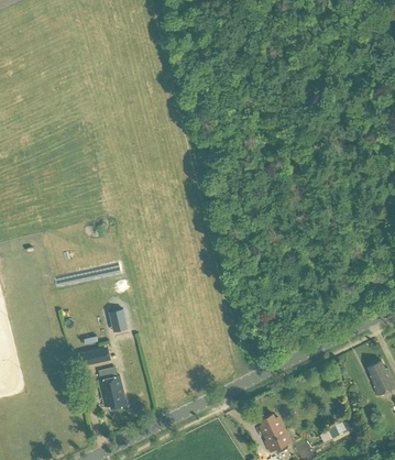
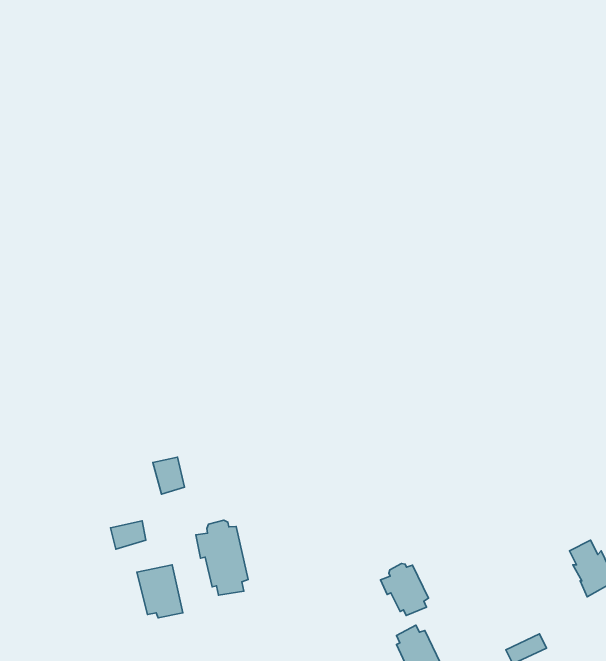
building: none -> [196,520,248,595]
building: none -> [381,564,428,616]

